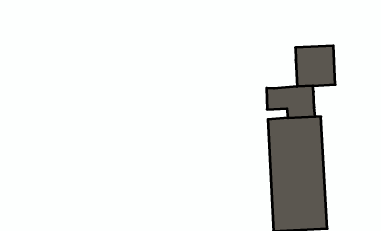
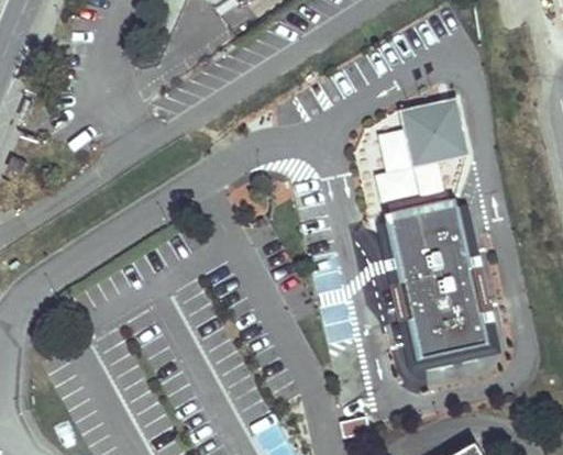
building: none -> [378,131,417,174]

